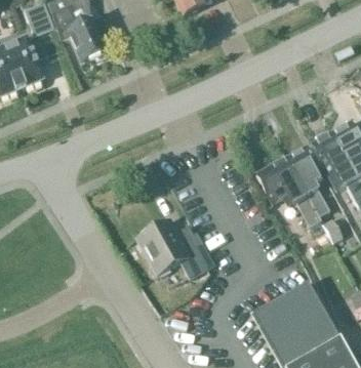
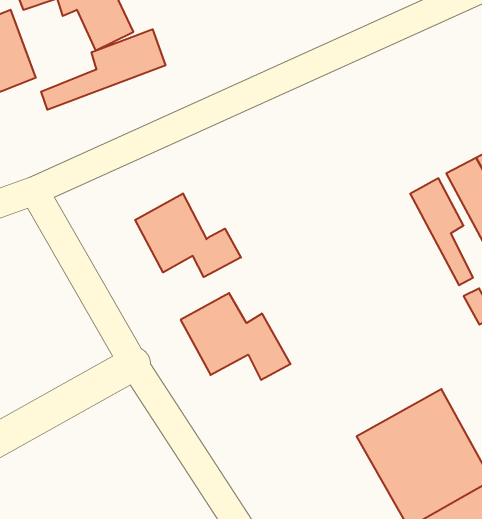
building: none -> [41,29,165,110]
building: none -> [135,193,241,277]
building: [257,156,320,226] -> none

